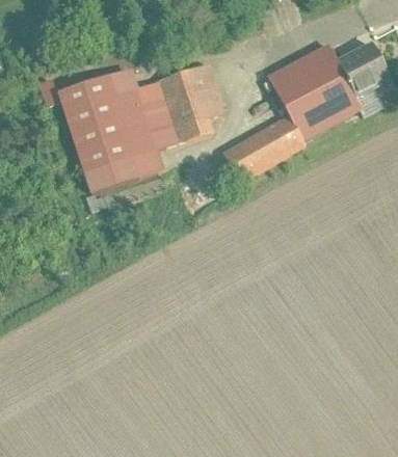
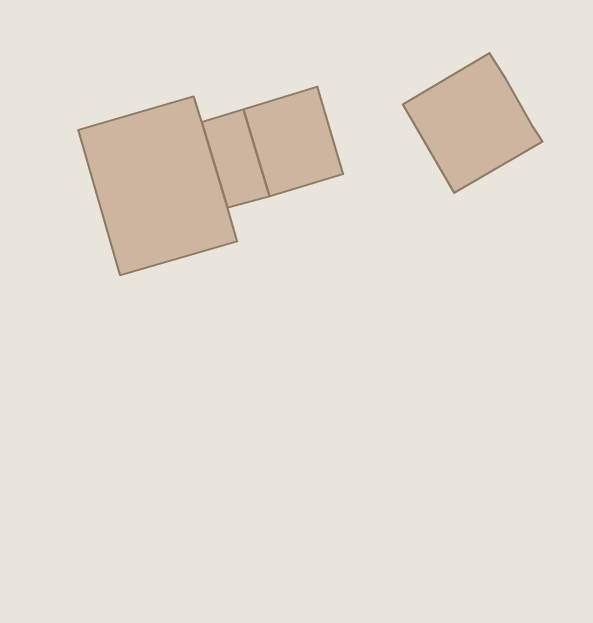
building: [336,42,387,92] -> none
building: [229,115,308,179] -> none

